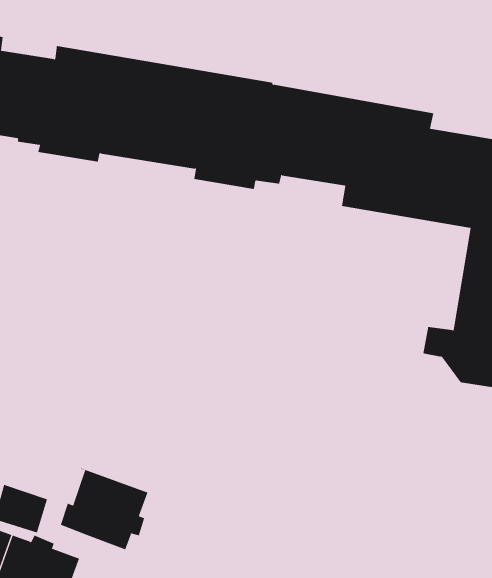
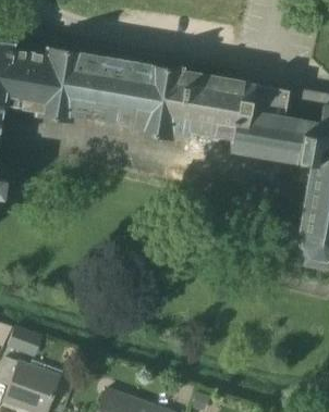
building: [60,467,148,550] -> none

